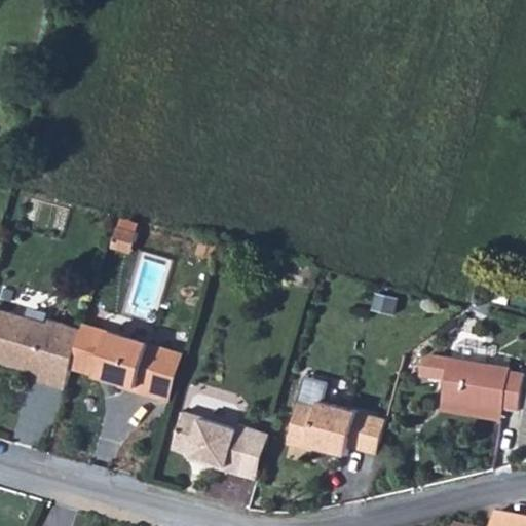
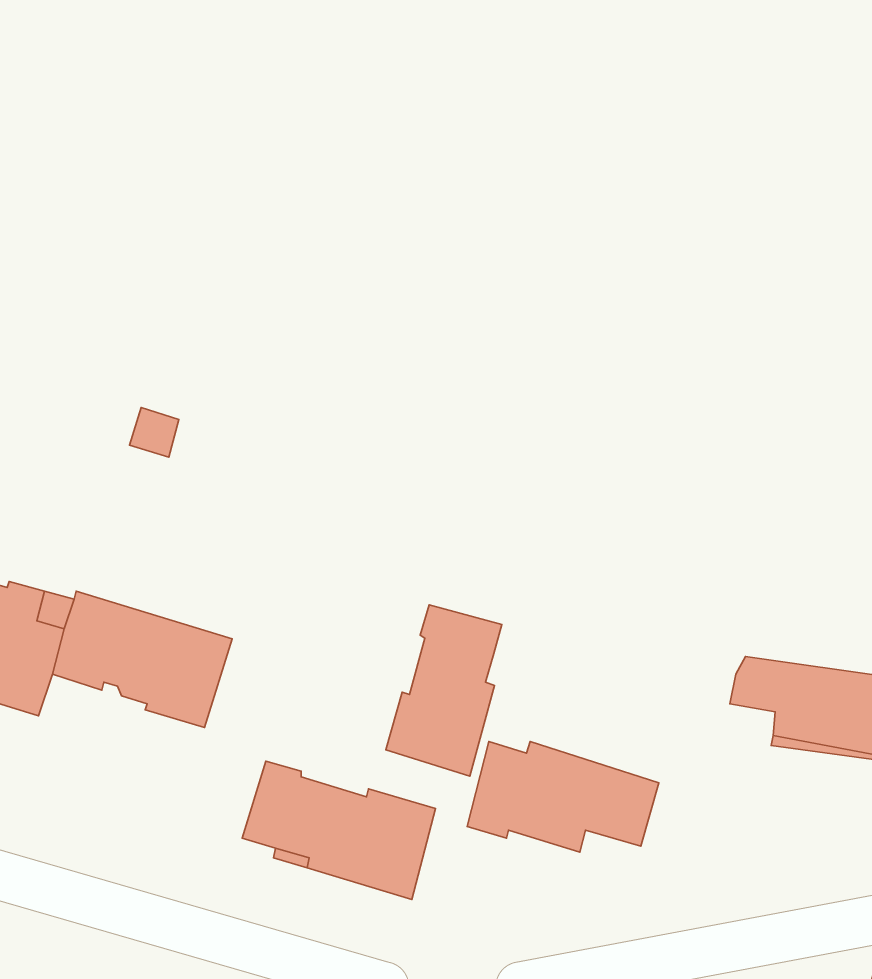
building: none -> [386,605,502,776]
building: [147,347,182,400] -> none

